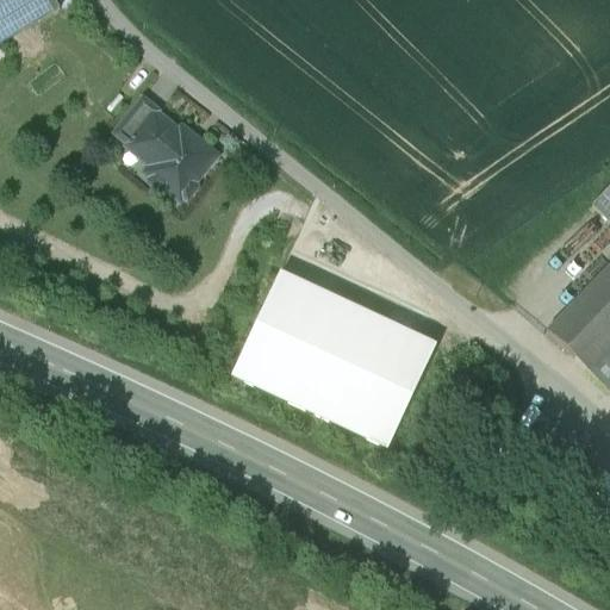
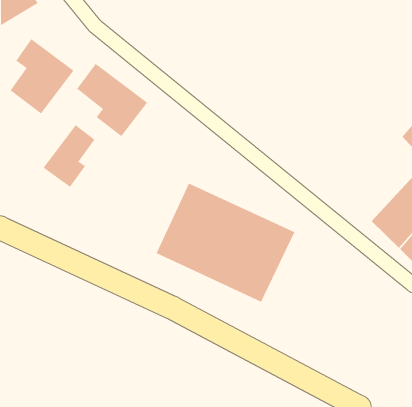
building: none -> [9,38,75,115]
building: none -> [43,124,96,188]

